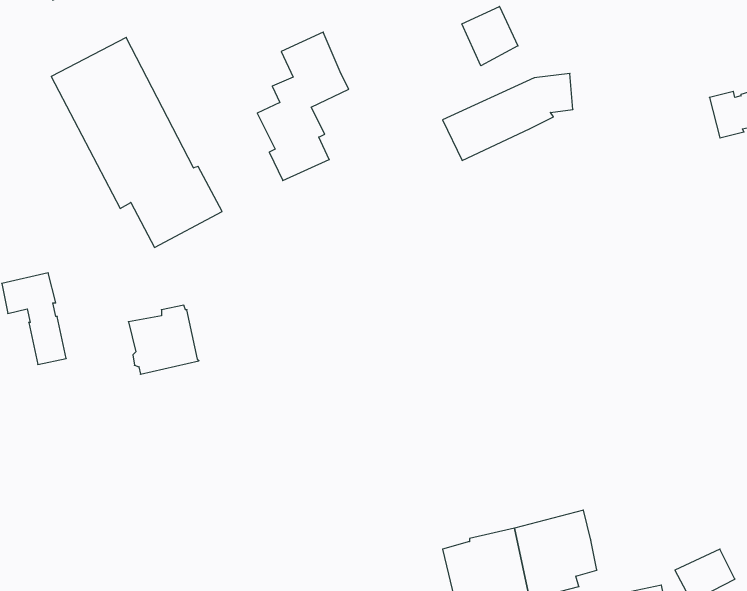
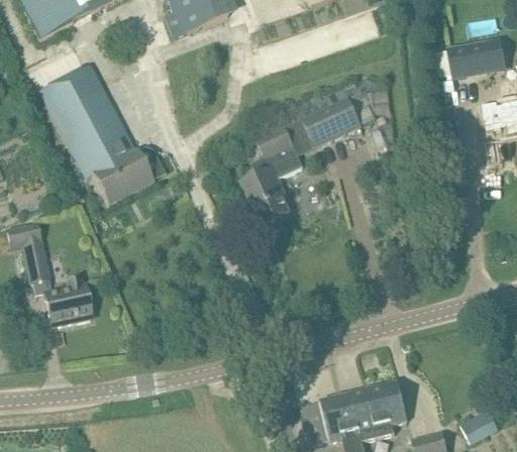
building: [462,6,518,66] -> none
building: none -> [451,43,497,79]
building: [257,32,349,181] -> [241,126,303,226]
building: [128,305,199,374] -> [44,279,92,326]

